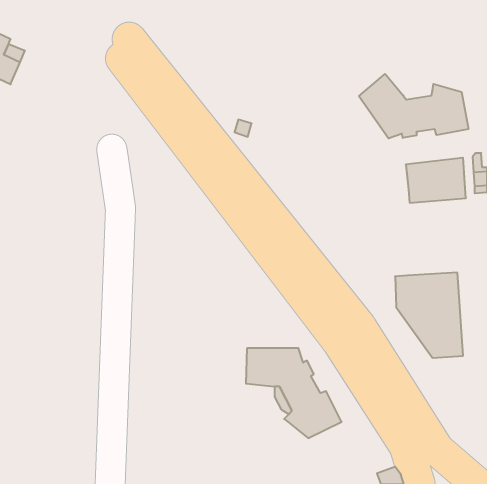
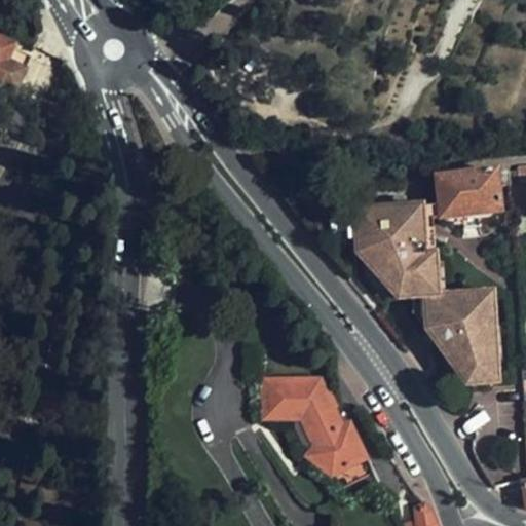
building: [359,74,468,138] -> none
building: none -> [353,203,440,298]

